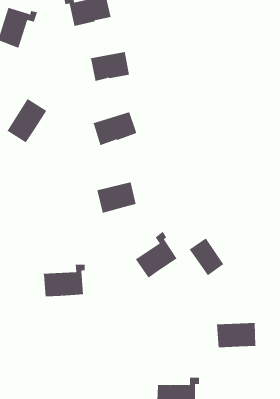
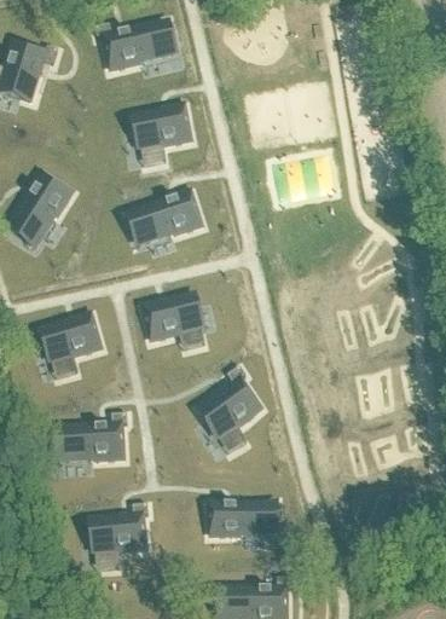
building: none -> [41,318,102,365]
building: [189,238,225,276] -> none
building: [216,323,256,348] -> [208,501,266,537]
building: none -> [91,507,149,556]

